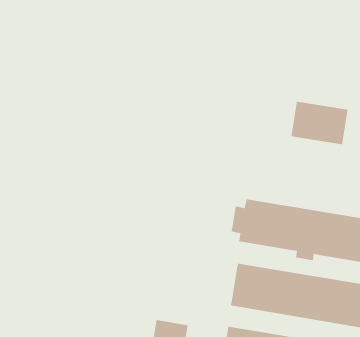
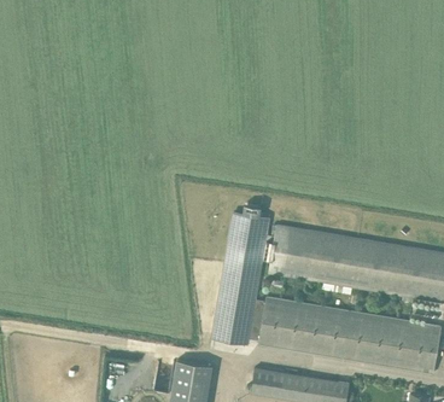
building: [291,101,348,145] -> none
building: none -> [211,204,268,343]

